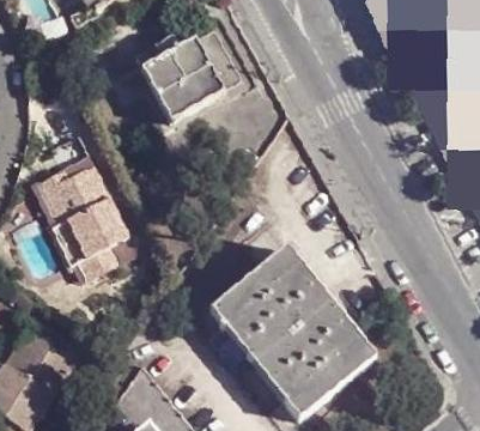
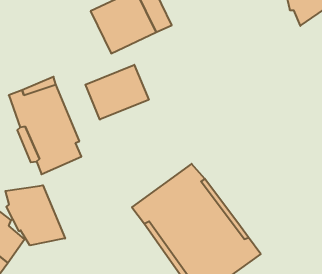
building: none -> [85,65,149,120]
building: none -> [5,185,65,245]

